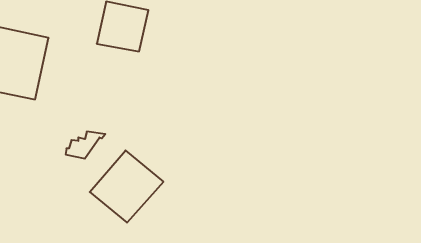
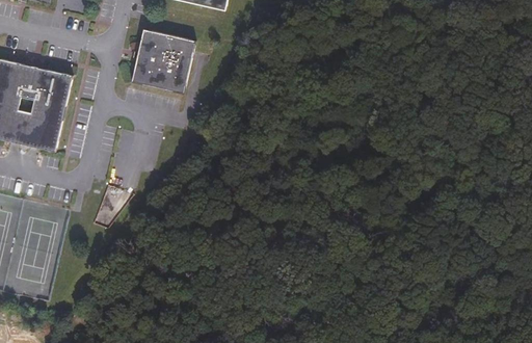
building: [90,150,163,223] -> none

